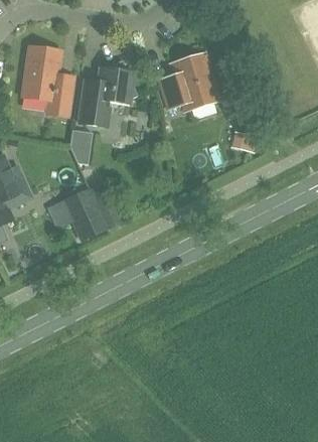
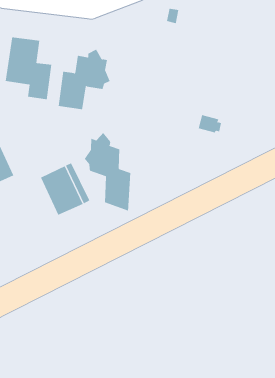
building: [160,53,220,111] -> none
building: [69,130,92,164] -> none
building: none -> [84,132,131,212]

